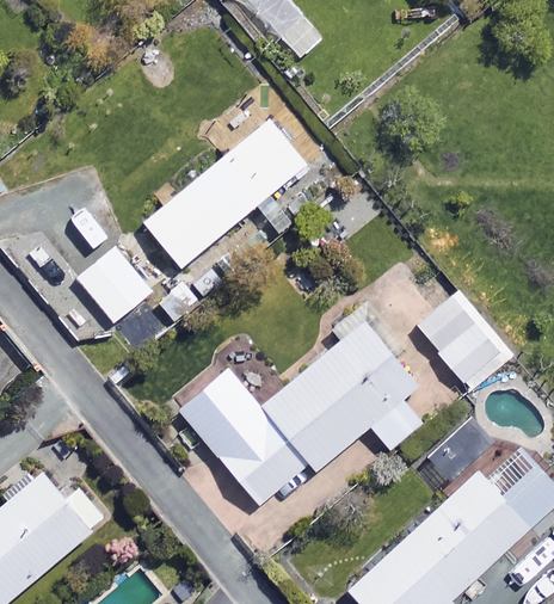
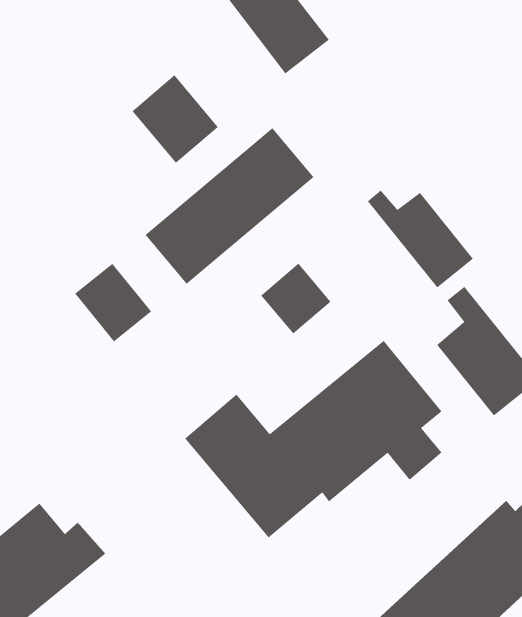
building: none -> [132,74,219,164]
building: none -> [367,189,474,289]
building: none -> [260,263,331,335]

